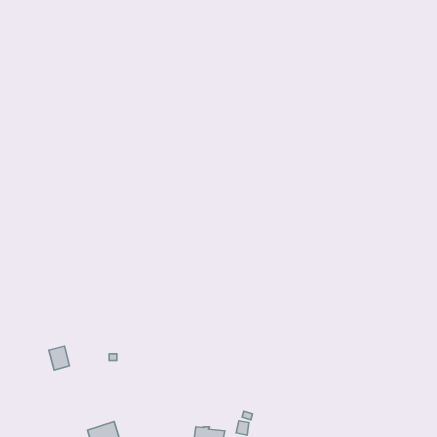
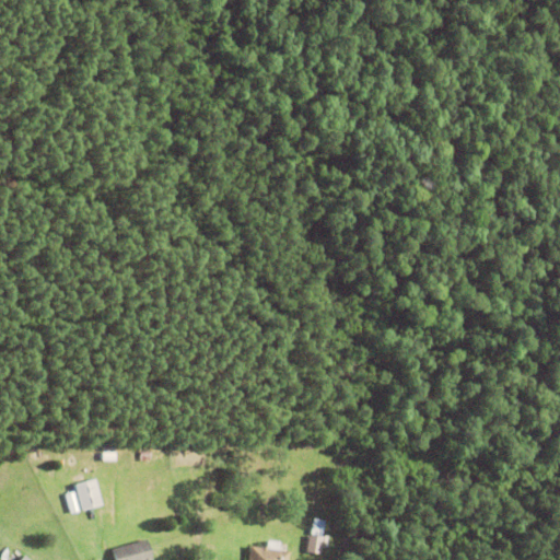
building: [49,346,70,370] -> [75,479,102,510]

